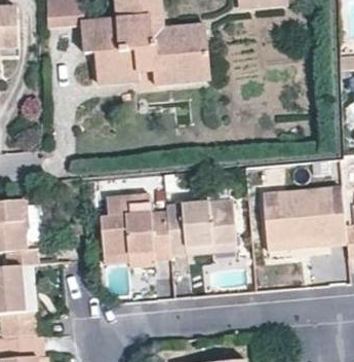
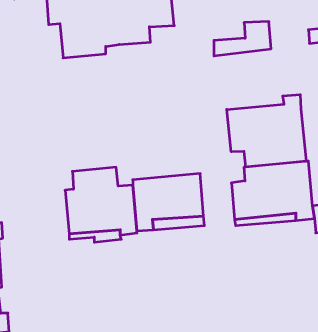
building: [153,52,209,86] -> [214,22,271,56]
building: none -> [227,95,306,167]

